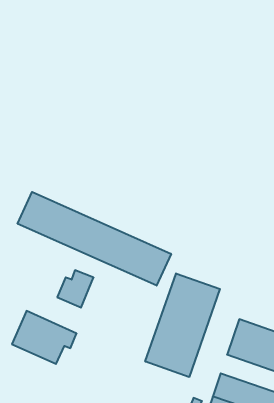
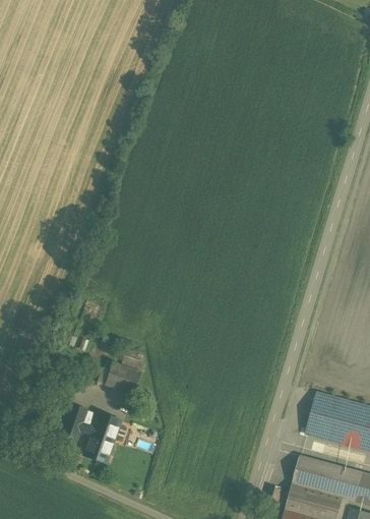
building: [18,192,171,286] -> none
building: [145,273,220,377] -> none

